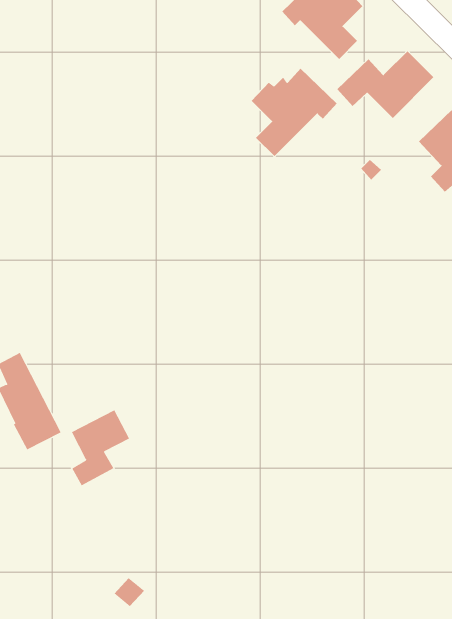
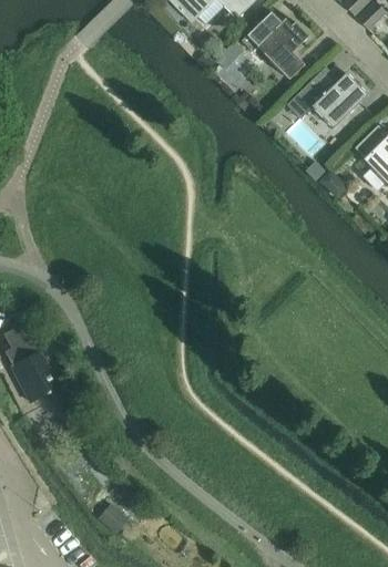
building: [251,68,338,157] -> none
building: [71,410,130,486] -> none

